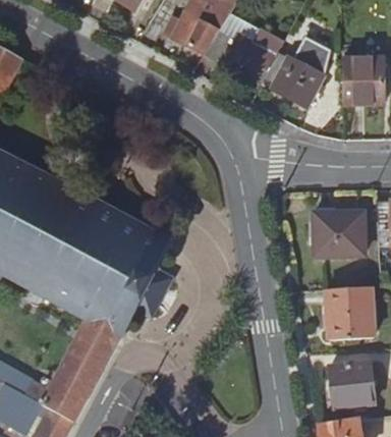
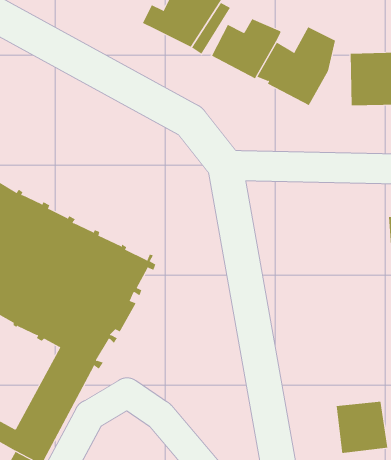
building: [315,212,364,256] -> none
building: [325,287,374,341] -> none

